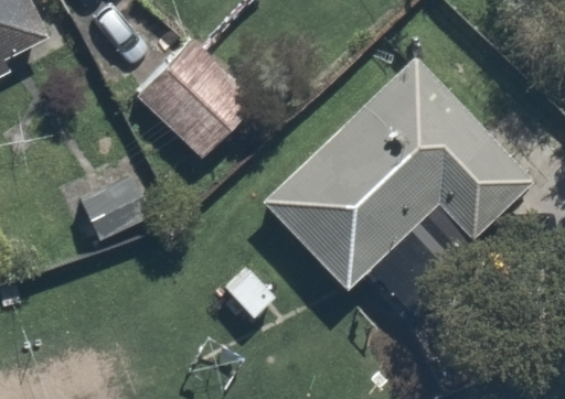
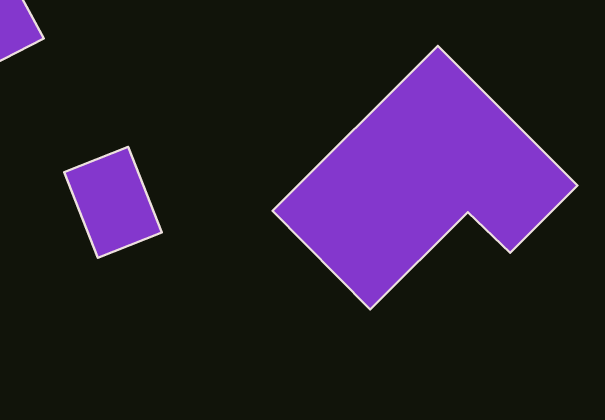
building: [131,34,258,161] -> none

